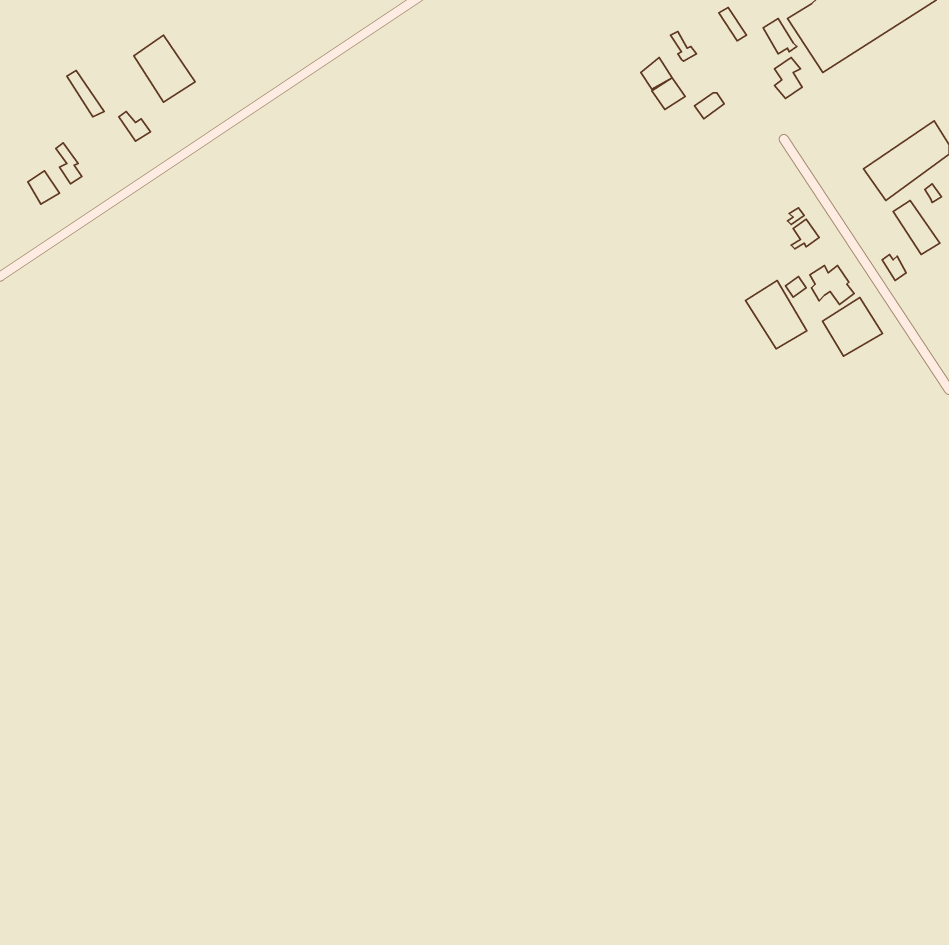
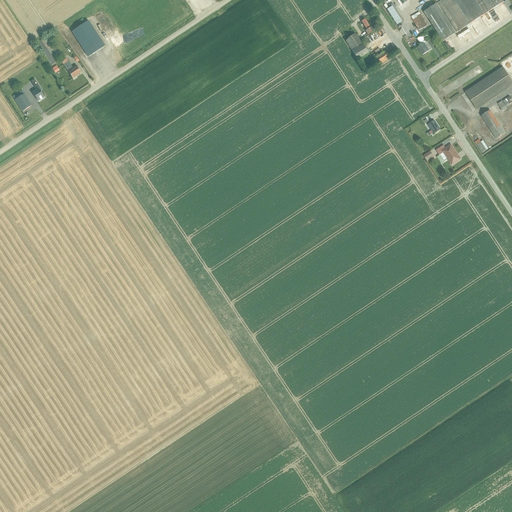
building: [745,281,807,349] -> none
building: [822,297,882,356] -> none

